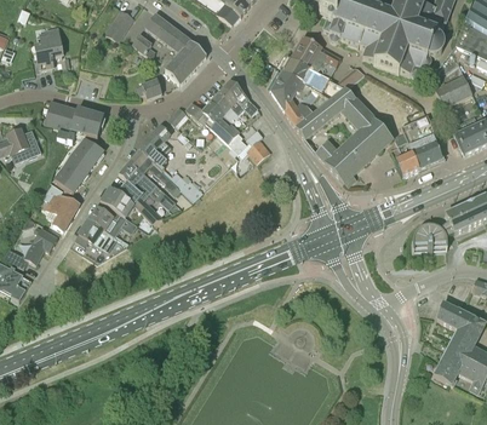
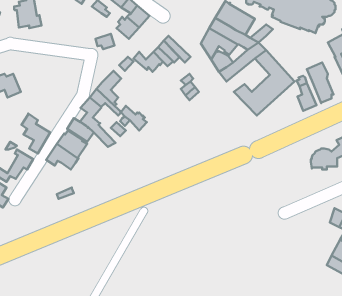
building: [45,100,105,191] -> none
building: [211,113,247,153] -> none

